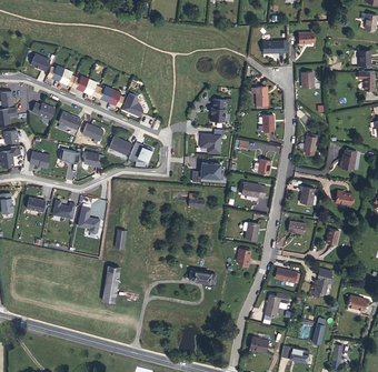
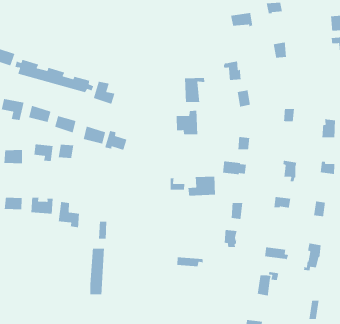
building: [193,161,221,181] -> [188,176,216,197]

